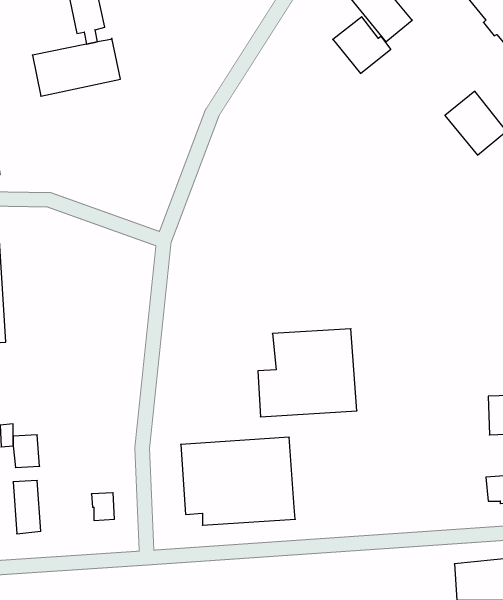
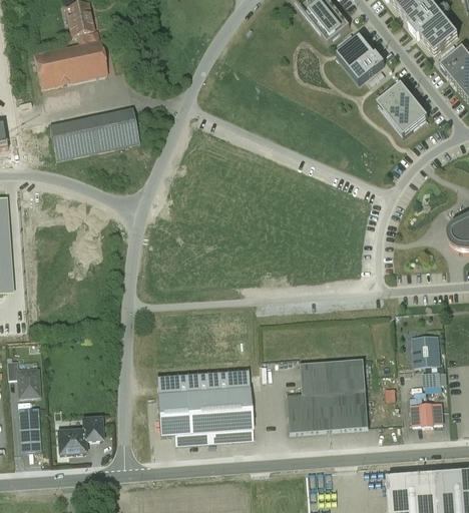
building: [333,17,391,73] -> [337,35,385,82]
building: none -> [49,108,139,158]
building: [258,329,357,417] -> [287,358,369,431]
building: none -> [58,428,86,452]

